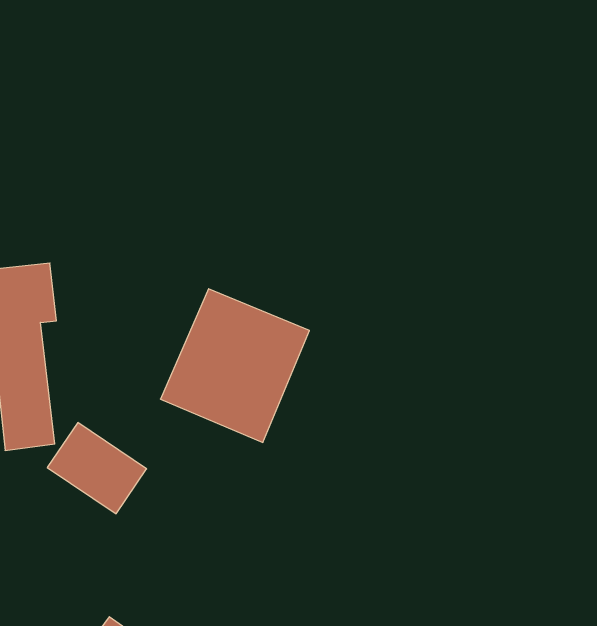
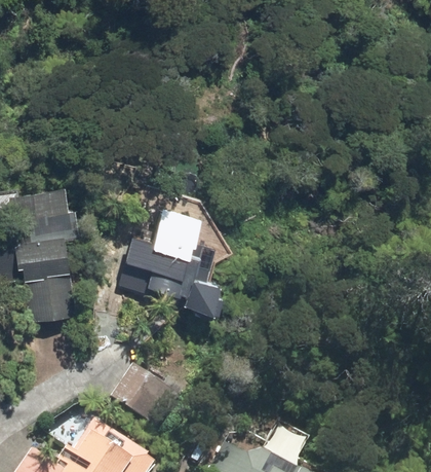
building: [47,423,147,514] -> [118,365,182,424]

